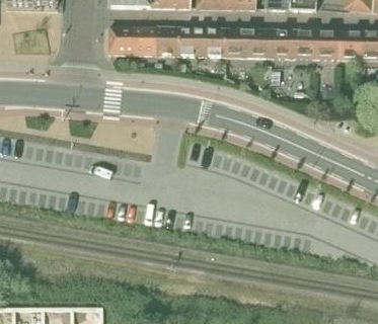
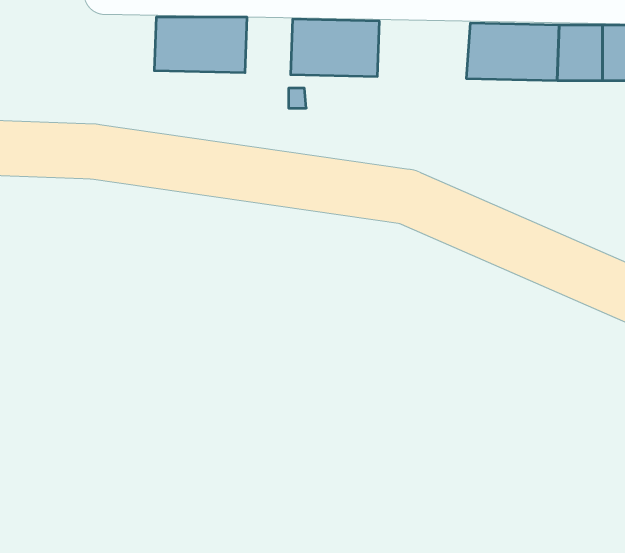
building: [155,24,179,54] -> none
building: [223,26,271,56] -> none

